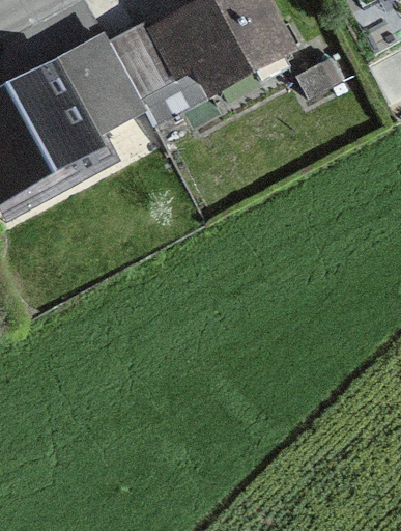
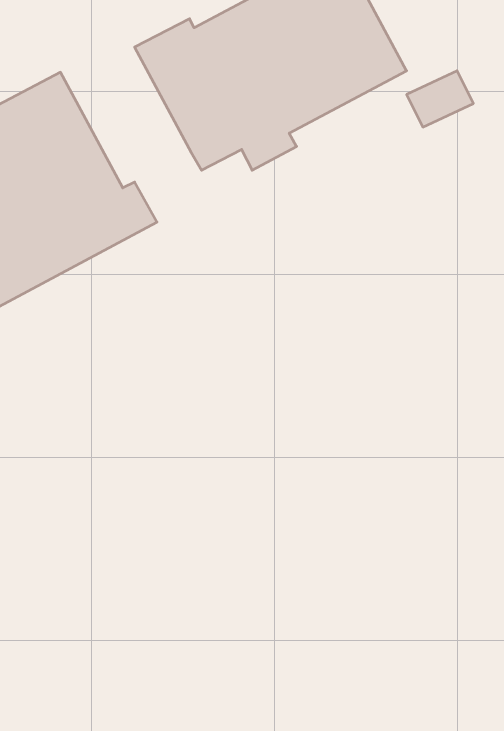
building: [55,28,146,135] -> none

